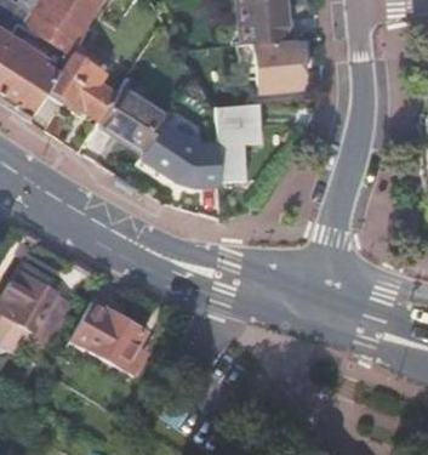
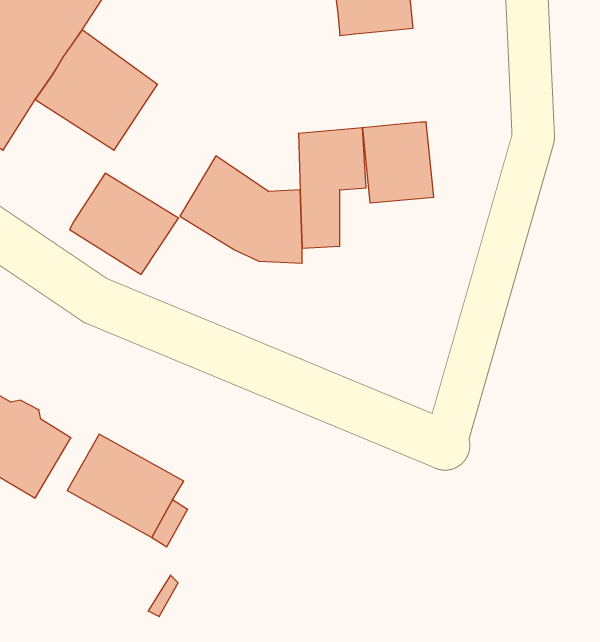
building: [256,39,302,91] -> [362,122,434,203]
building: [98,86,169,152] -> [70,173,179,275]

